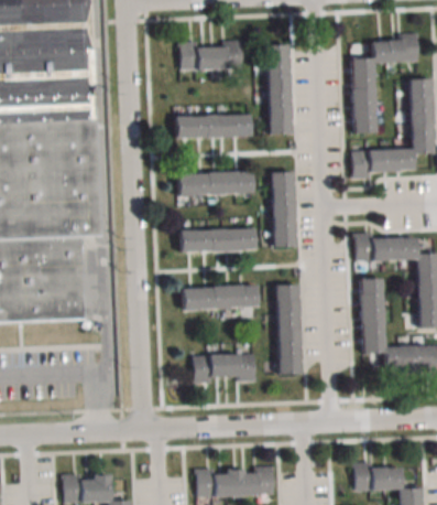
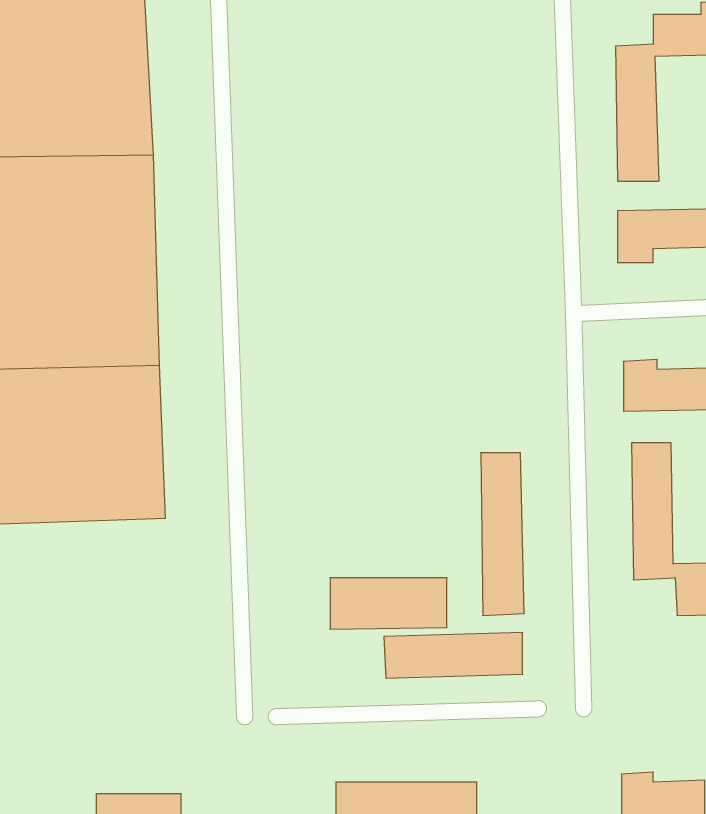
building: [181,42,244,71] -> none
building: [267,44,292,135] -> none
building: [175,114,252,139] -> none
building: [177,171,254,196] -> none
building: [272,171,296,247] -> none
building: [179,227,256,254] -> none
building: [182,284,259,310] -> [384,633,523,678]

